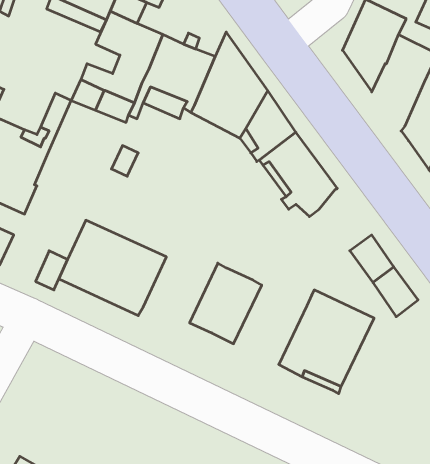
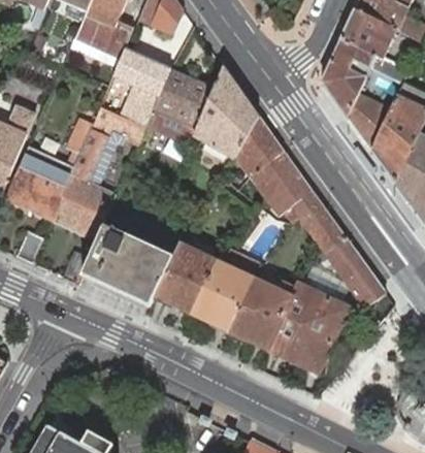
building: none -> [347,92,391,149]
building: none -> [54,128,116,237]
building: none -> [302,197,347,250]
building: none -> [156,242,217,311]
building: none -> [230,279,292,346]

